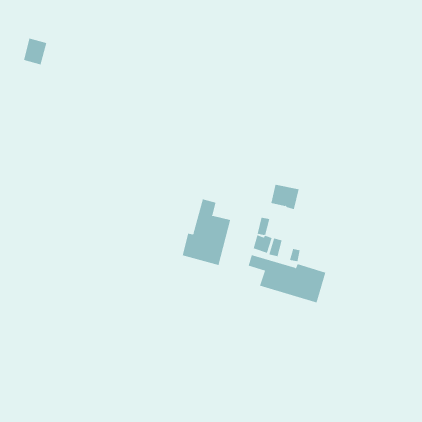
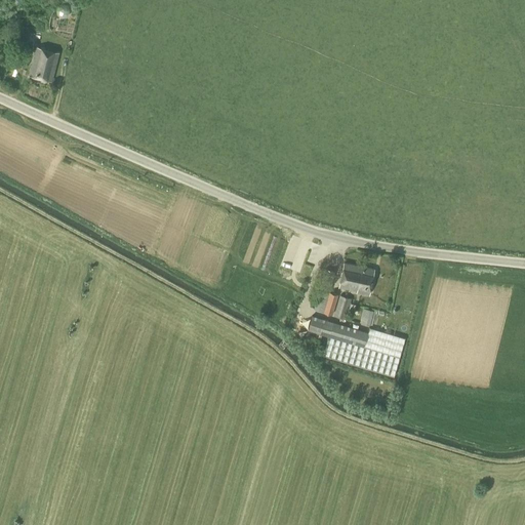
building: [271,184,300,210] -> [338,264,374,295]
building: [182,198,231,266] -> none

